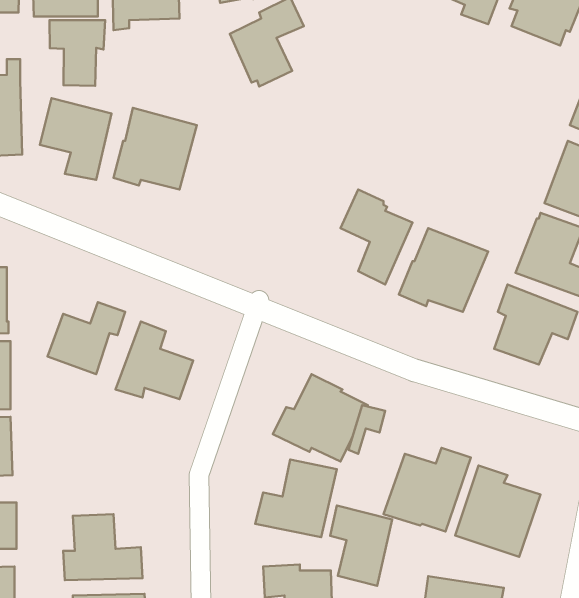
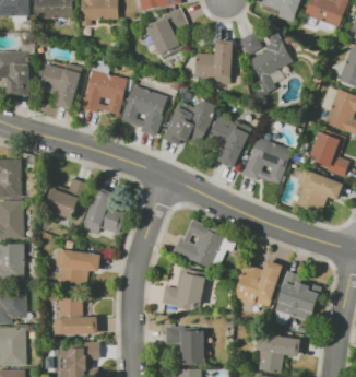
building: [50,20,105,86] -> none
building: none -> [238,28,292,92]
building: none -> [194,39,233,84]
building: none -> [120,84,167,137]
building: none -> [163,101,217,145]
building: none -> [47,248,99,286]
building: [330,505,392,586] -> none

